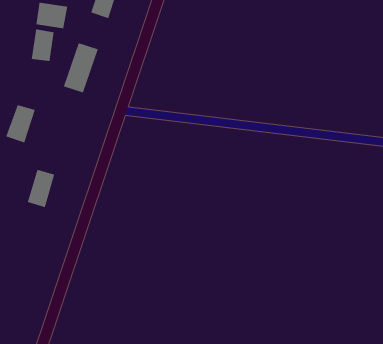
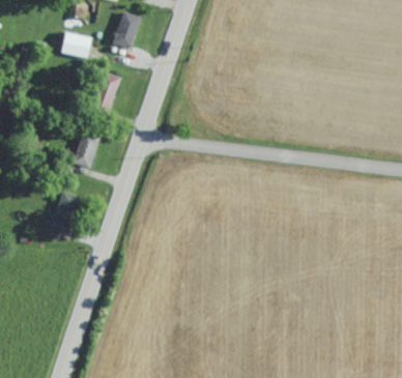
building: [31,28,54,62] -> none
building: [5,104,36,143] -> [71,132,100,169]

